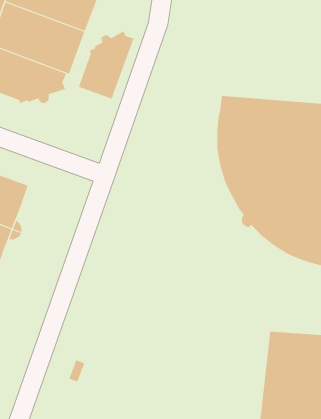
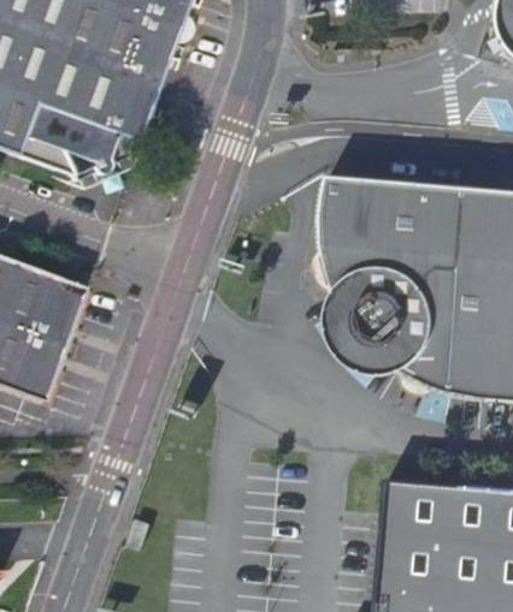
building: [78,31,134,99] -> none
building: none -> [336,291,408,374]

